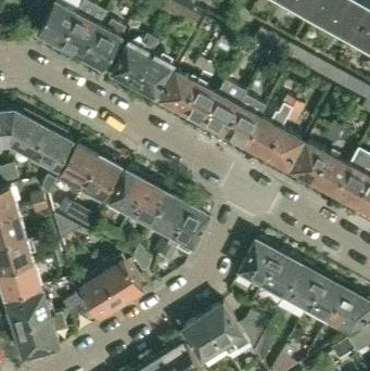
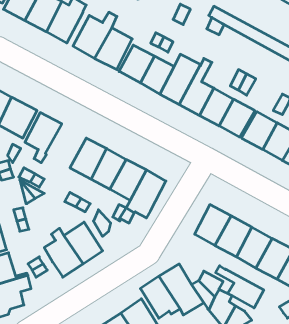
building: [80,156,120,200] -> none
building: none -> [216,266,264,308]

